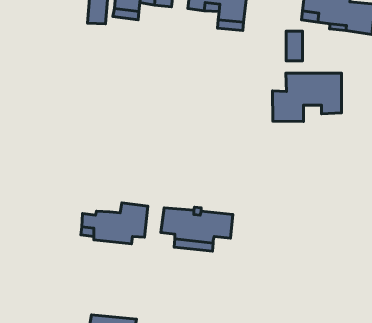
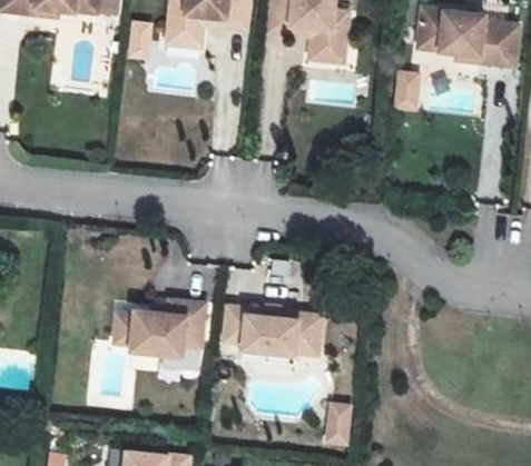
building: [273,73,341,122] -> none
building: none -> [325,395,355,443]

